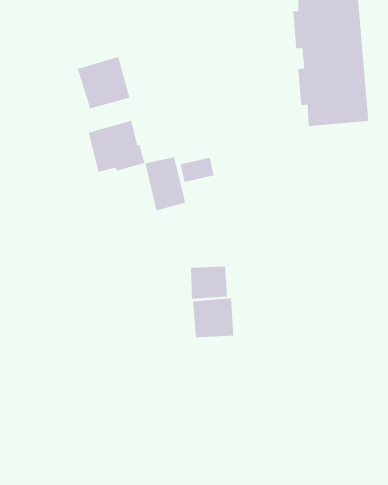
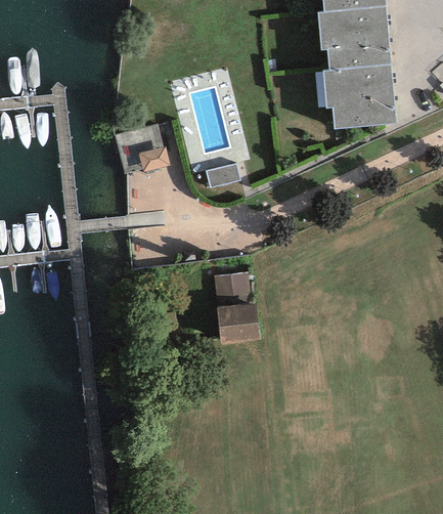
building: [77,56,130,109] -> none
building: [145,156,186,211] -> none

